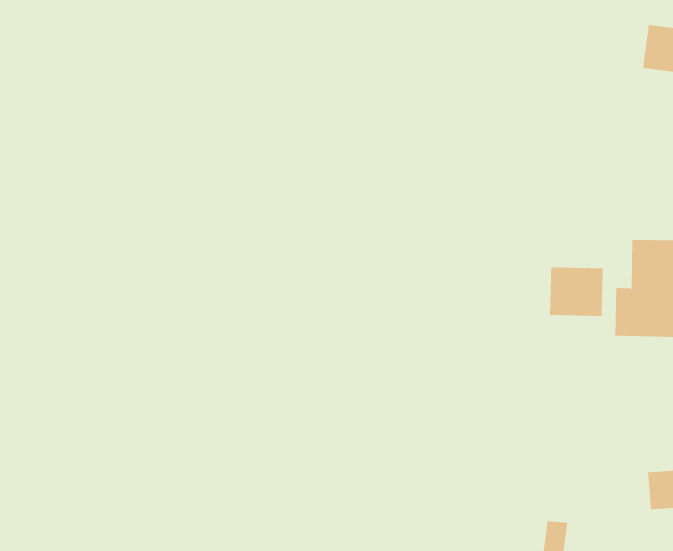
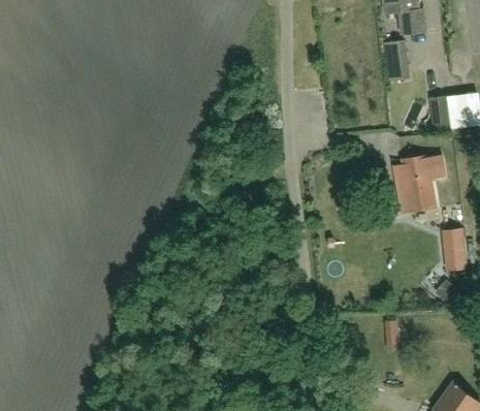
building: [549,267,603,317] -> none

